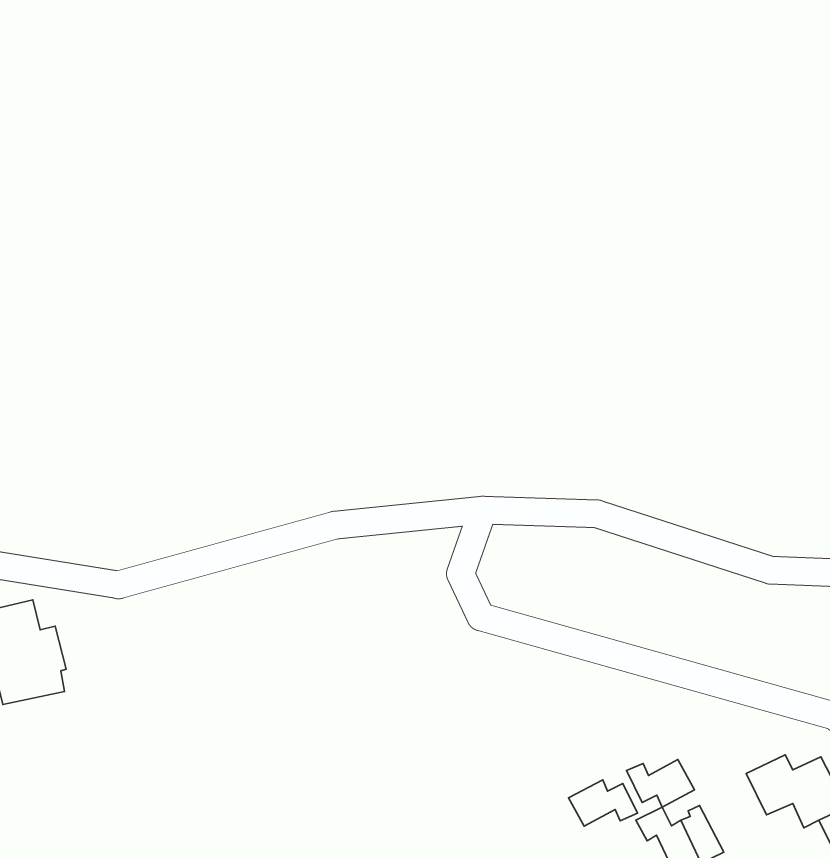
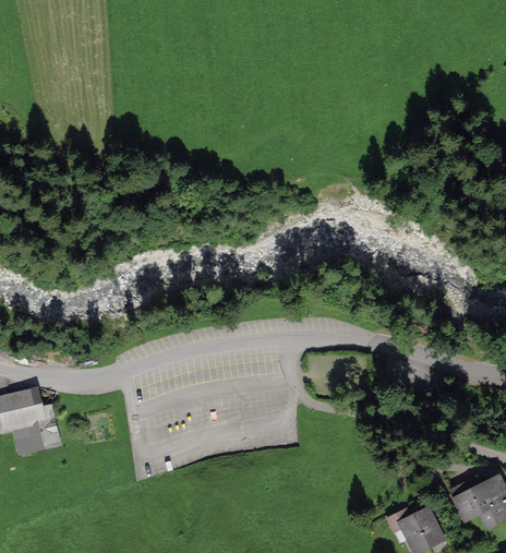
building: [626,760,694,807] -> none
building: [569,780,638,826] -> none

